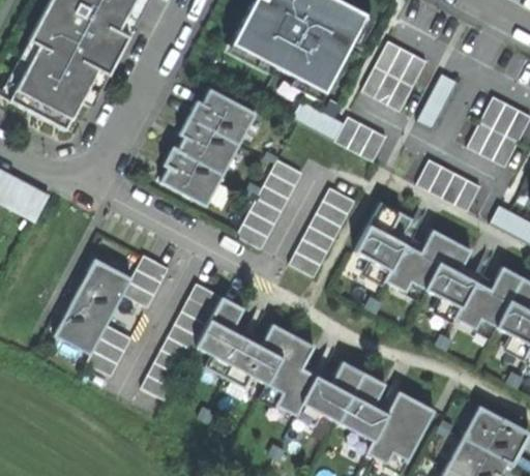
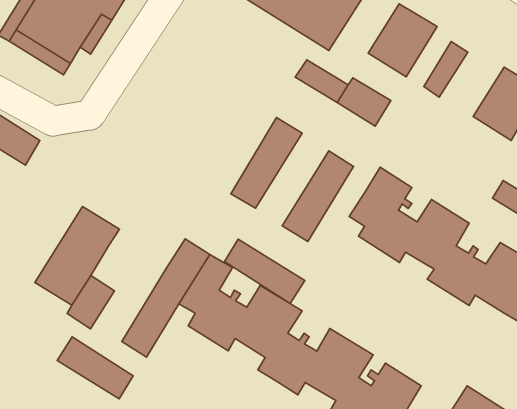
building: [155,87,254,206] -> none
building: [417,159,481,211] -> none
building: [123,255,170,307] -> none
building: none -> [225,239,305,303]
building: none -> [57,337,133,399]

